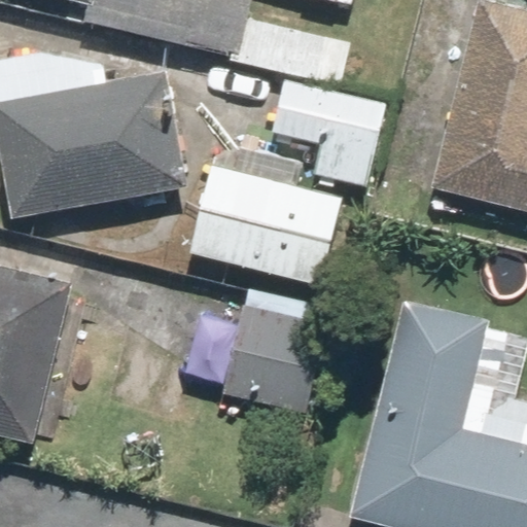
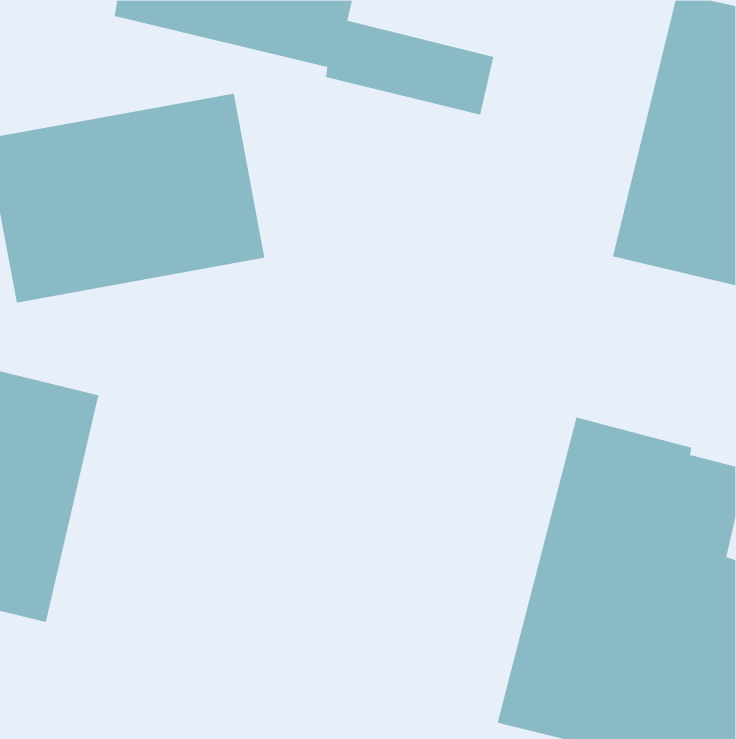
building: [274,80,385,186] -> none
building: [190,165,341,282] -> none
building: [224,307,324,412] -> none

